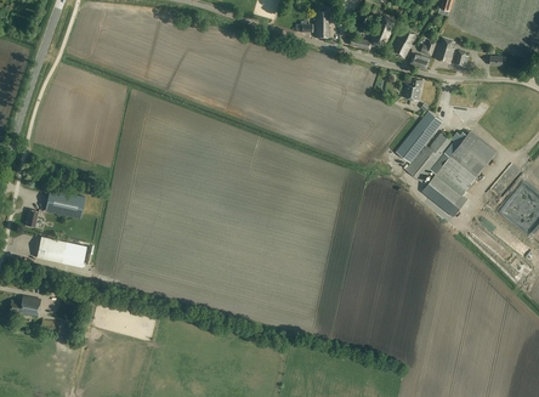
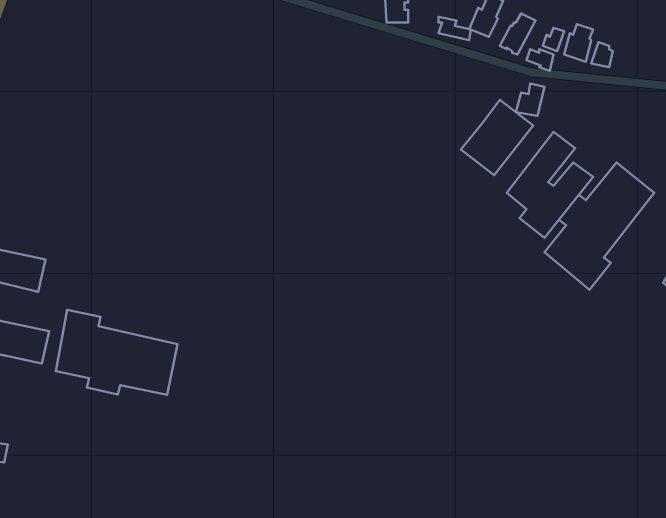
building: none -> [461,100,533,175]
building: none -> [56,310,178,395]

